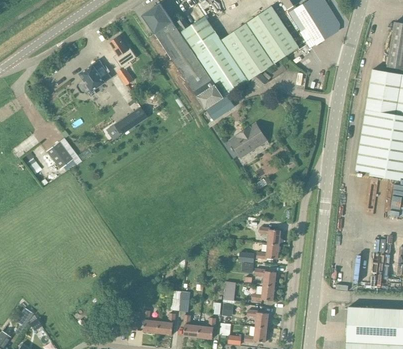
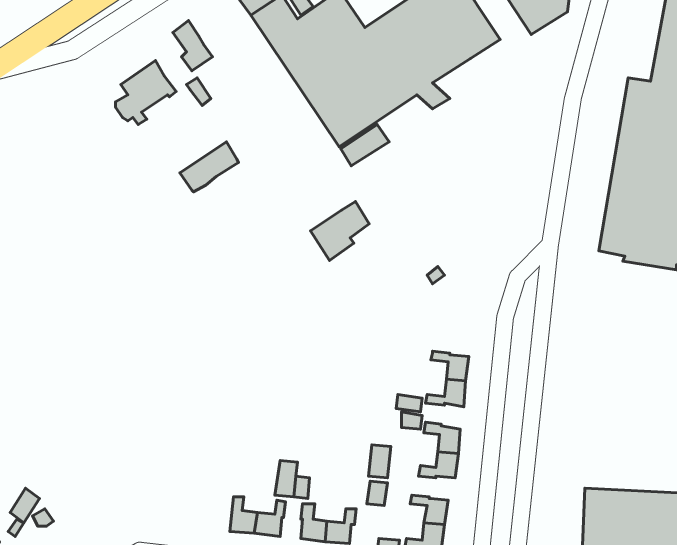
building: [229,123,263,157] -> [310,201,369,260]
building: [45,141,74,169] -> none

